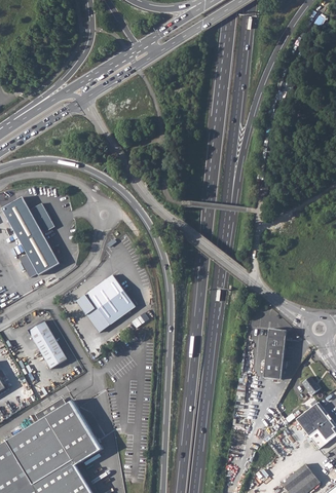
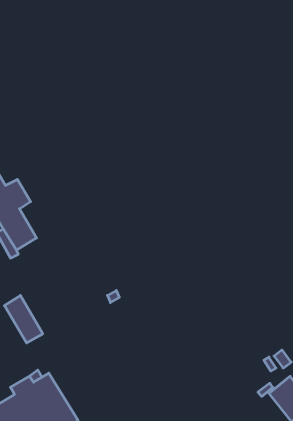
building: [76,275,135,334] -> none
building: [263,329,286,380] -> none

